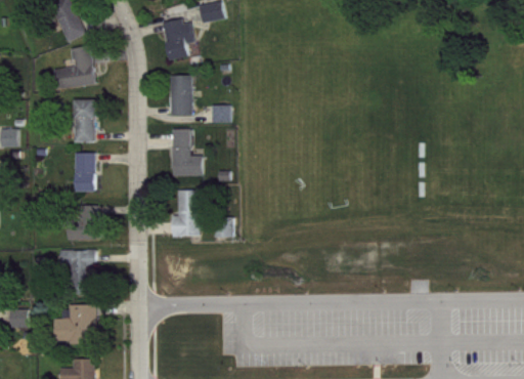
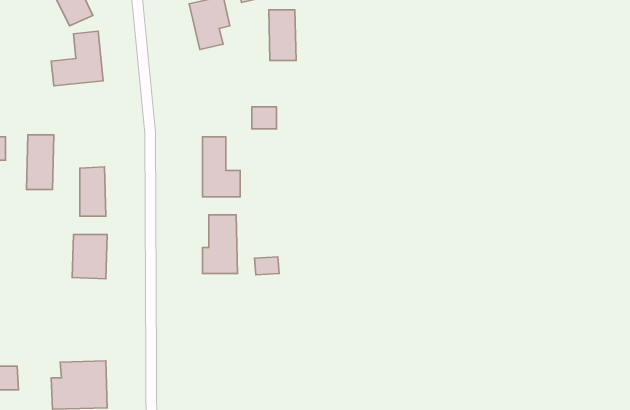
building: [170,76,191,116] -> [269,10,296,61]
building: [74,99,95,142] -> [26,135,54,190]
building: [62,250,95,294] -> none

